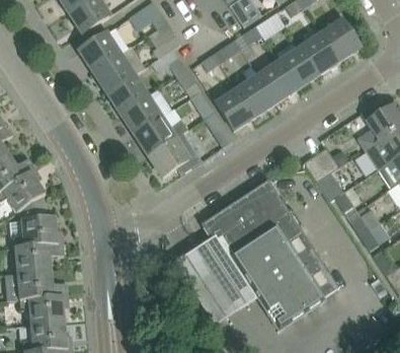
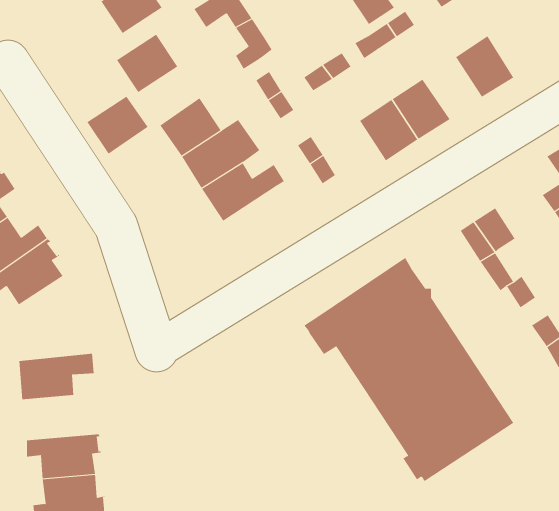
building: [321,19,359,61] -> none
building: [278,48,317,88] -> none
building: [92,54,133,92] -> [86,96,148,155]
building: [216,89,254,130] -> none
building: [148,132,202,176] -> none
building: [8,191,63,246] -> none
building: [173,227,258,321] -> none
building: [16,269,67,298] -> none

